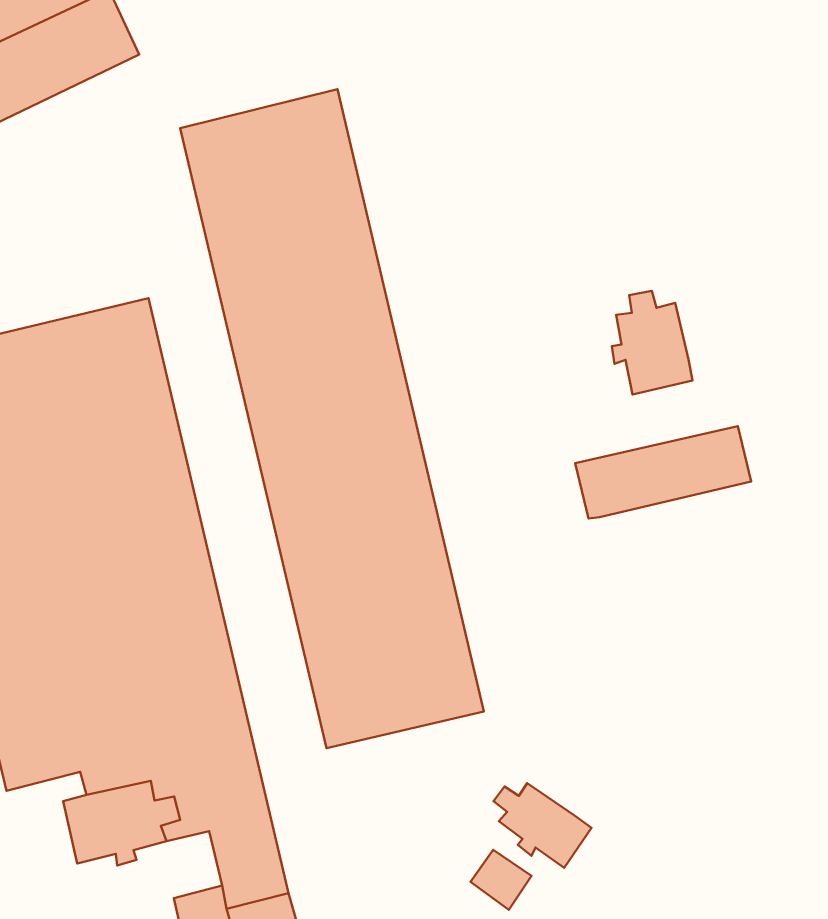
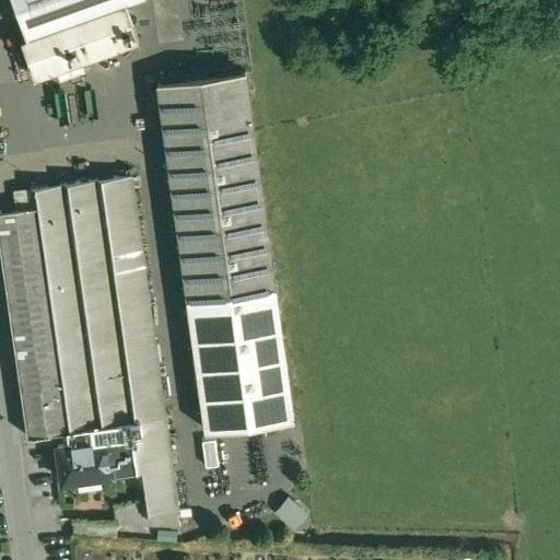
building: [612,291,693,395] -> none
building: [575,426,751,518] -> none
building: [493,783,591,868] -> none

